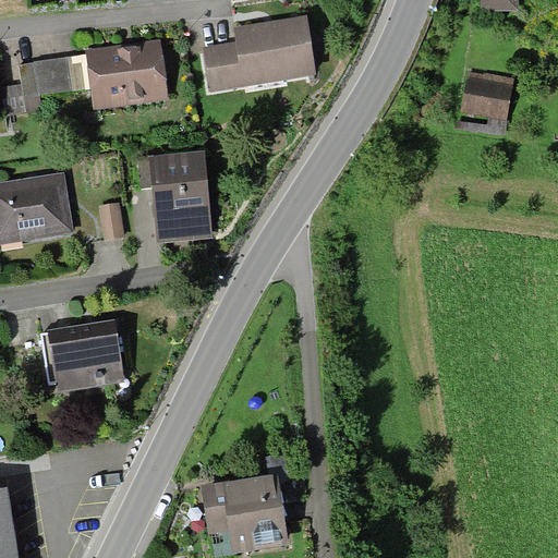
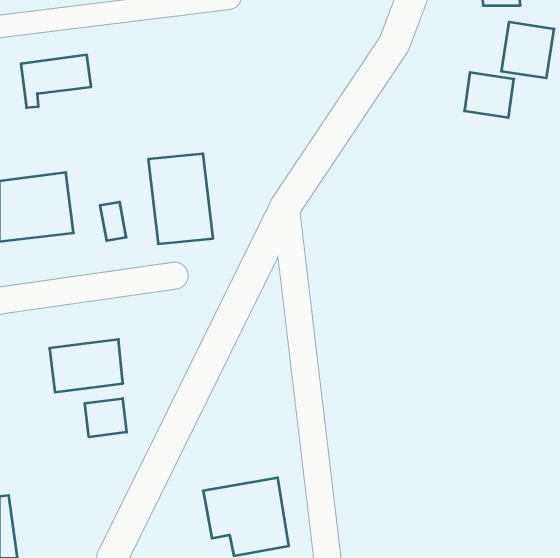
building: [206,20,312,86] -> none
building: none -> [501,22,554,78]
building: [86,41,167,107] -> none
building: none -> [85,398,127,437]

